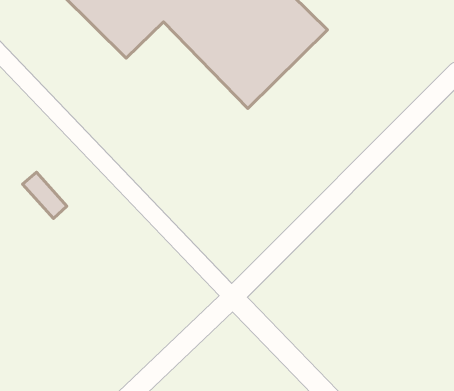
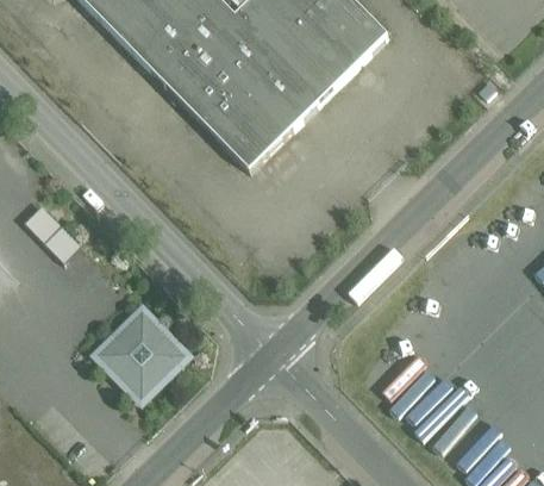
building: none -> [150,26,294,172]
building: none -> [98,311,186,399]

